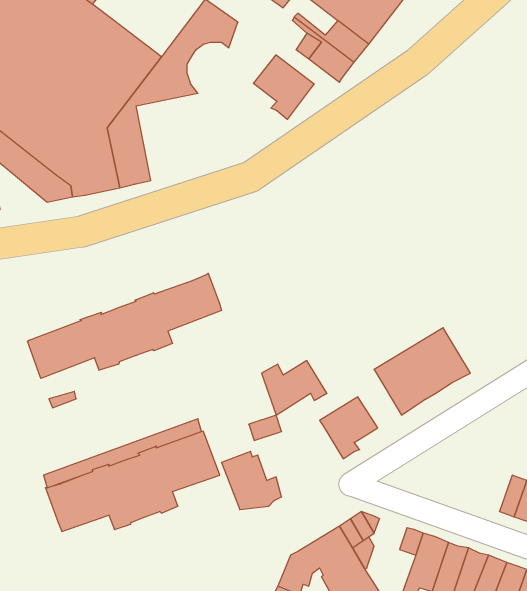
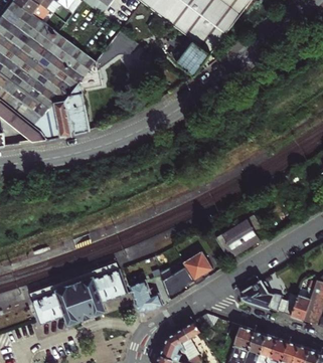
building: [253,55,314,119] -> none
building: [28,273,222,378] -> none
building: [262,361,327,415] -> [159,266,195,297]
building: none -> [240,281,281,312]

